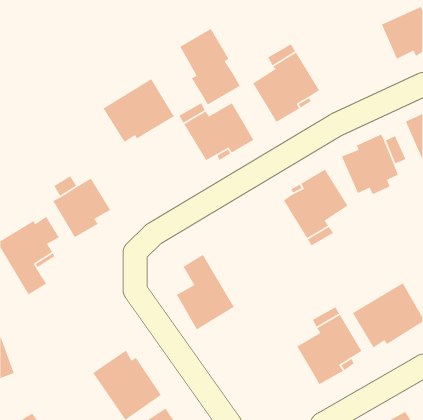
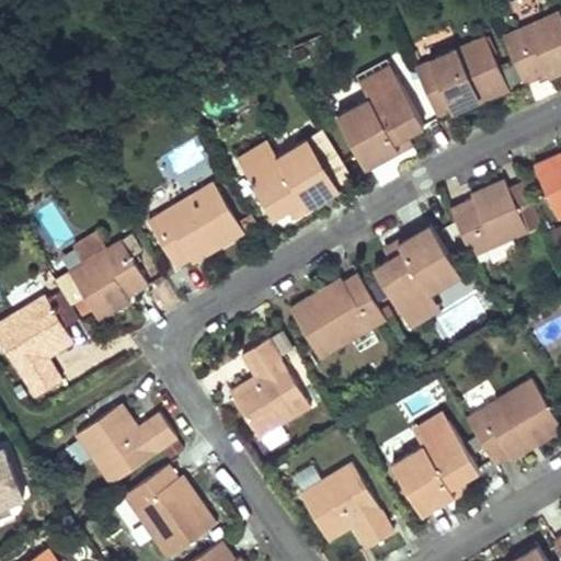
building: none -> [413,35,510,116]
building: [179,28,241,106] -> none
building: [103,78,175,143] -> [148,182,243,267]
building: none -> [291,276,386,362]
building: none -> [68,412,165,491]
building: none -> [300,461,394,548]

